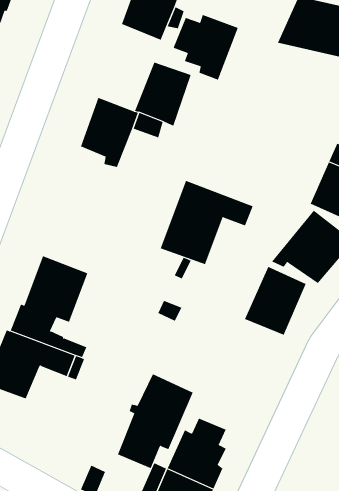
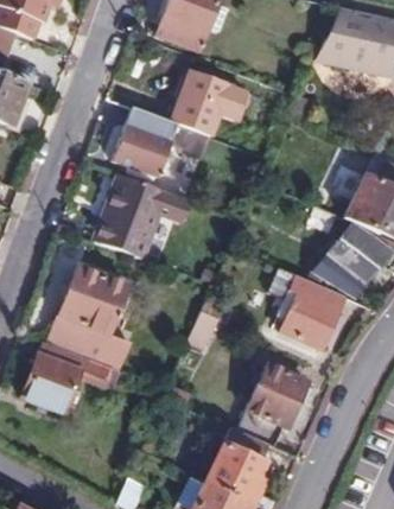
building: [173,14,238,81] -> none
building: [160,180,254,265] -> [96,174,191,260]
building: [117,374,193,469] -> [237,350,314,446]

